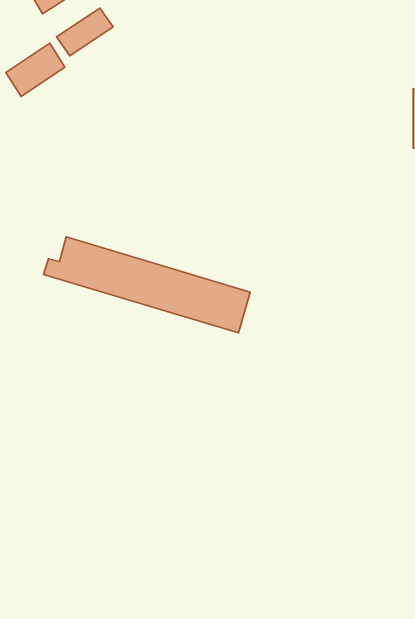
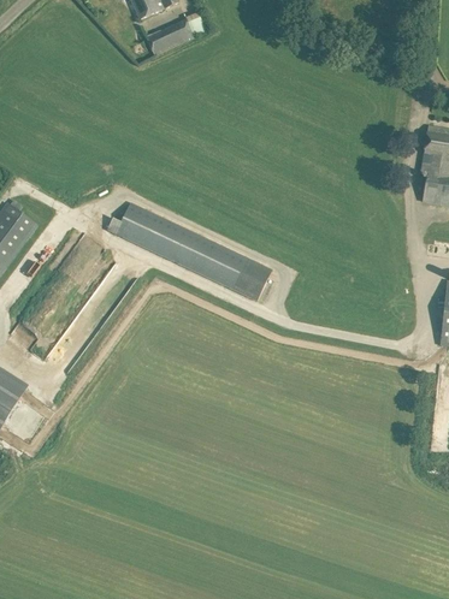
building: [6,43,65,96] -> none

